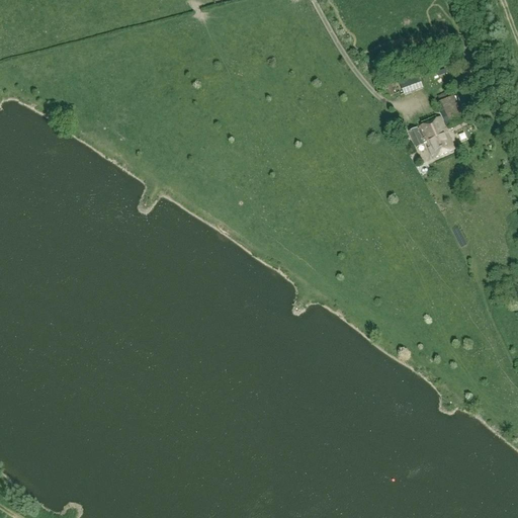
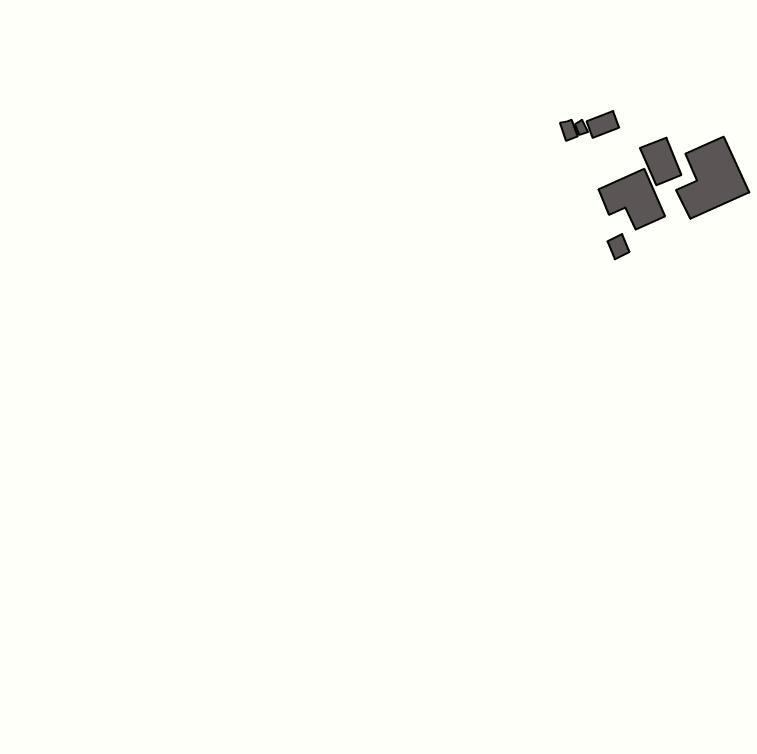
building: none -> [676,137,749,219]

